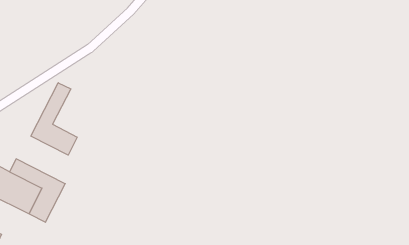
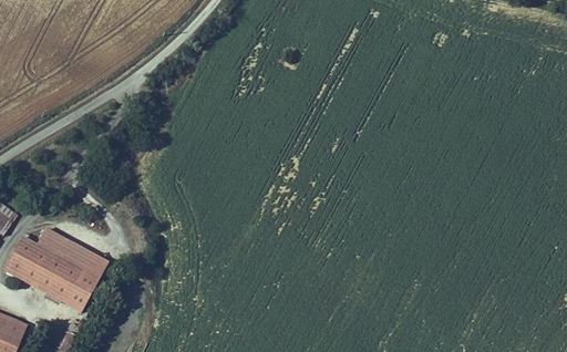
building: [31,83,77,155] -> none

